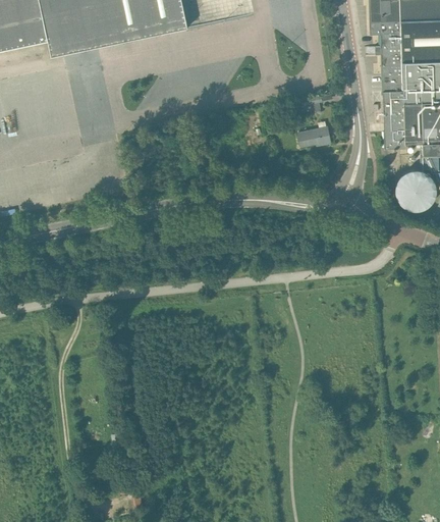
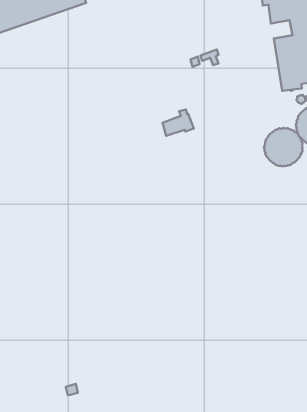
building: [298,121,331,147] -> [163,109,194,136]
building: none -> [264,128,303,166]

